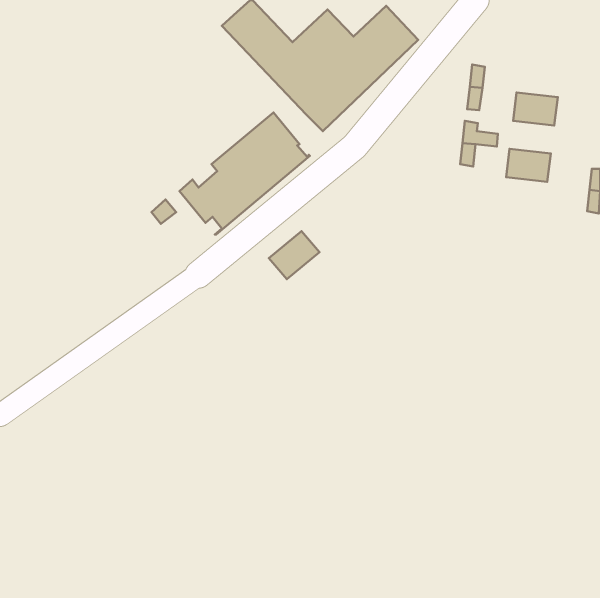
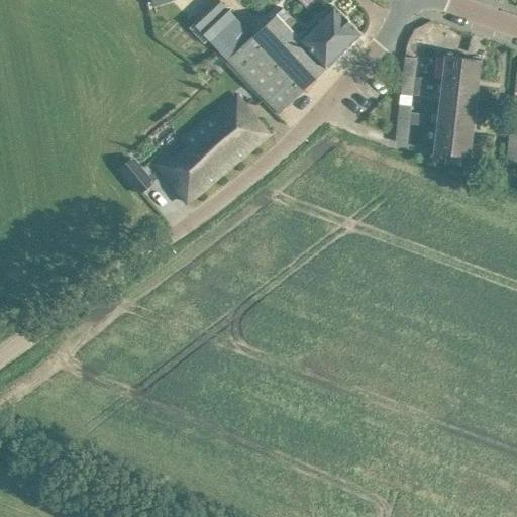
building: none -> [444,56,483,85]
building: none -> [438,105,477,133]
building: [269,231,319,279] -> none

